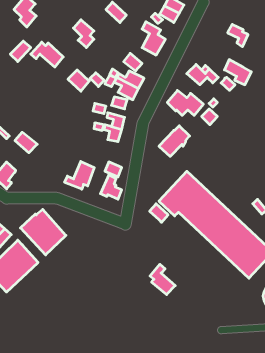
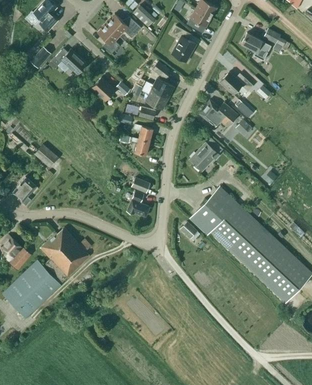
building: none -> [106,14,142,38]
building: [224,60,251,85] -> [242,33,271,60]
building: [65,161,94,189] -> none
building: [150,264,175,295] -> none

